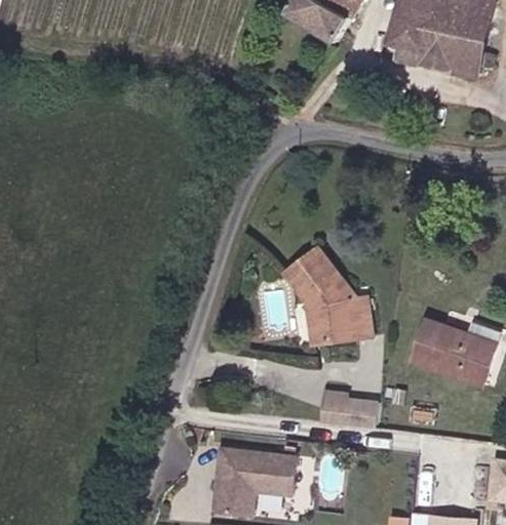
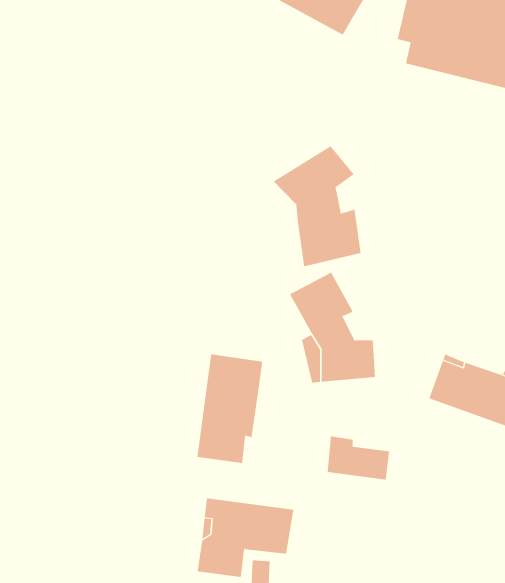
building: none -> [273,146,361,267]
building: none -> [197,353,263,464]

